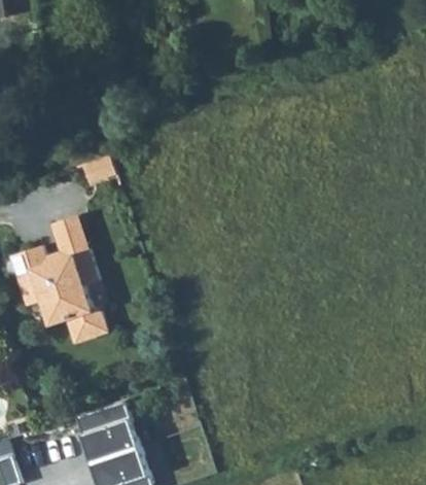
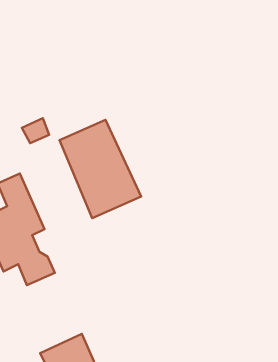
building: none -> [60,120,141,218]

